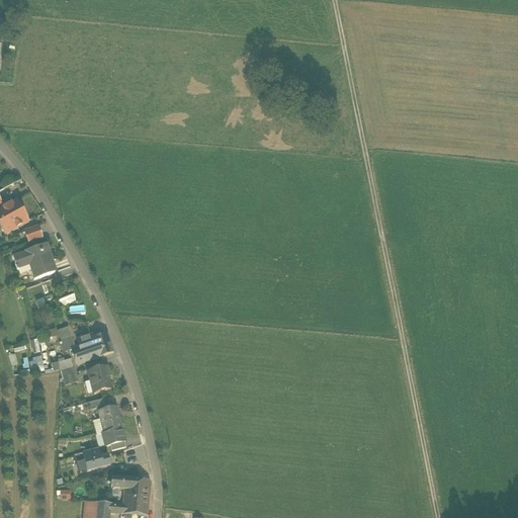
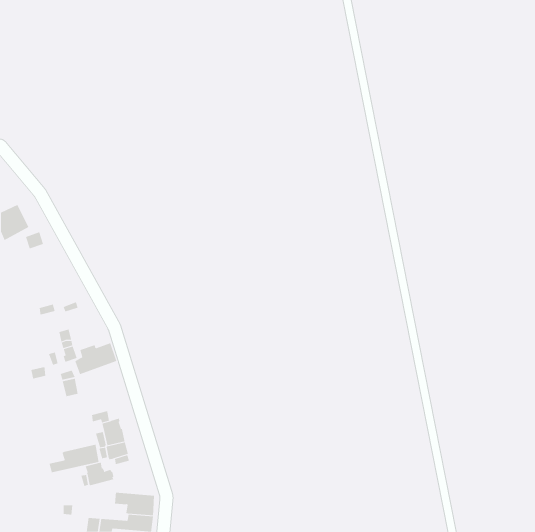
building: [12,242,55,276] -> none
building: [88,364,110,392] -> none
building: none -> [49,444,99,473]

